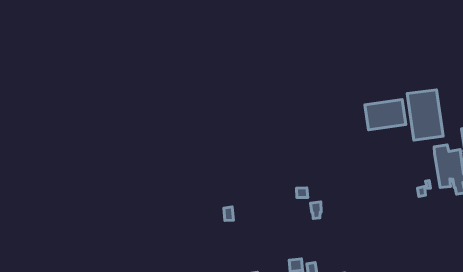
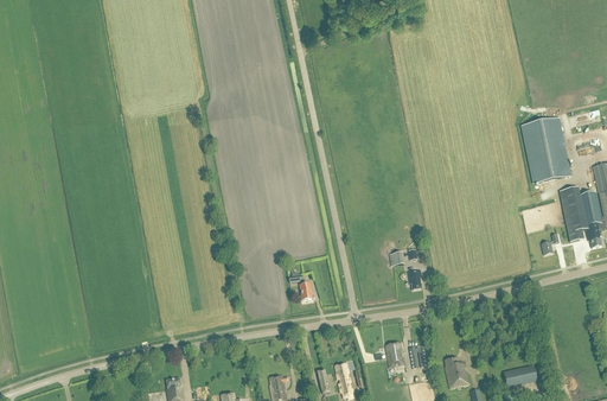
building: [365,100,406,130] -> none

